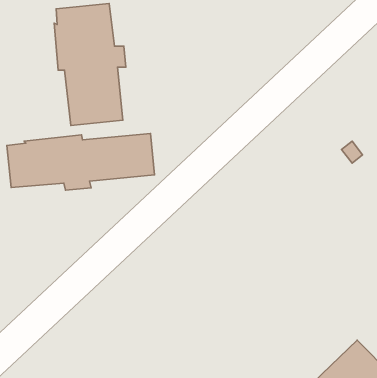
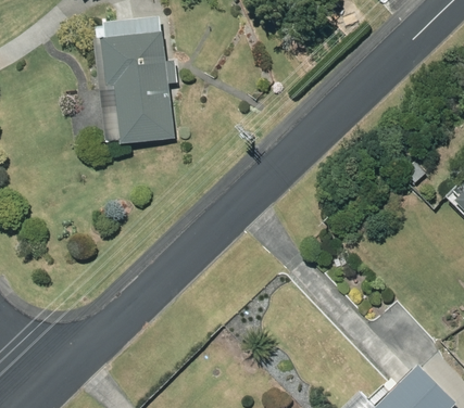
building: [7,133,155,190] -> none

